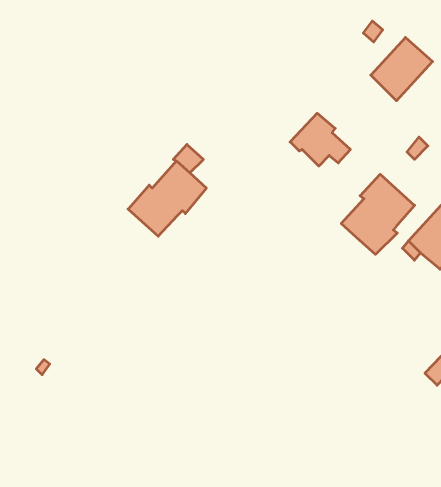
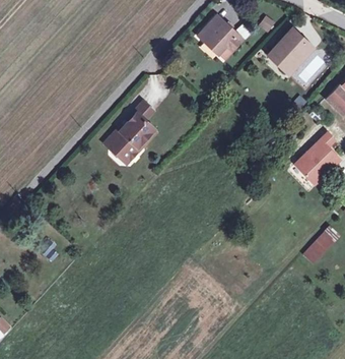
building: [290,113,350,166] -> [199,16,239,52]
building: [341,174,415,254] -> none

